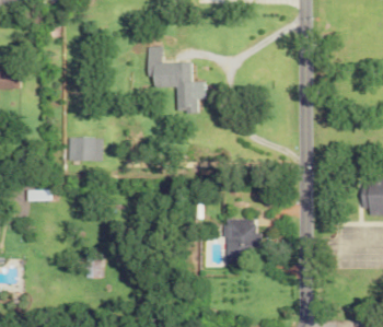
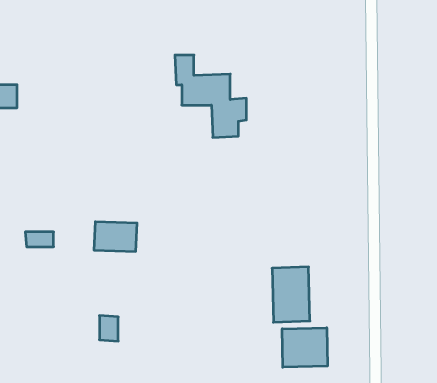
building: [66,137,101,161] -> [94,222,137,251]
building: none -> [282,328,327,367]

